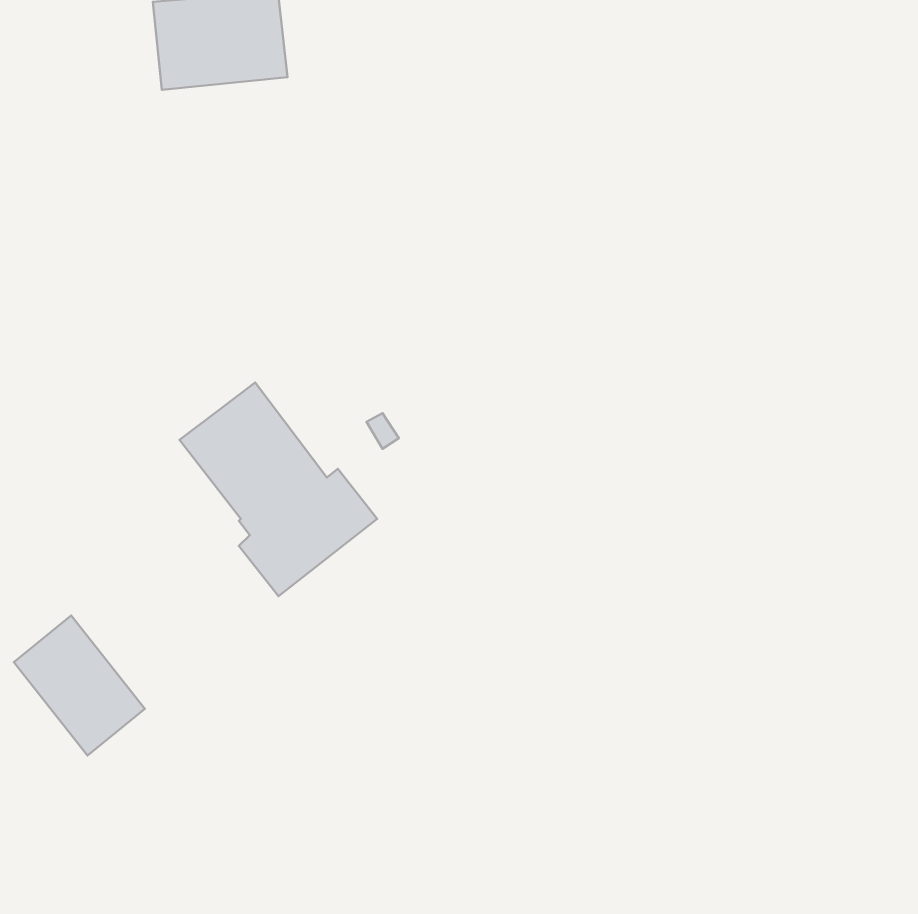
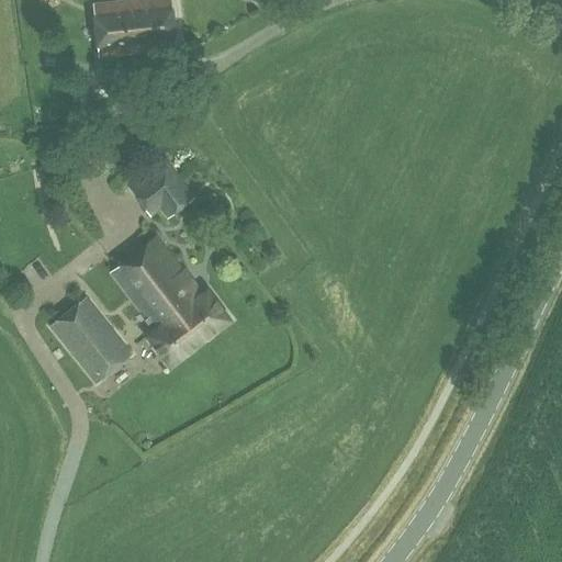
building: none -> [131,160,192,214]
building: [14,616,145,756] -> [50,295,131,381]

